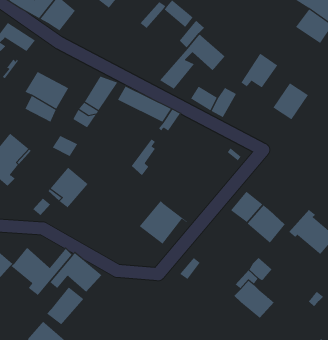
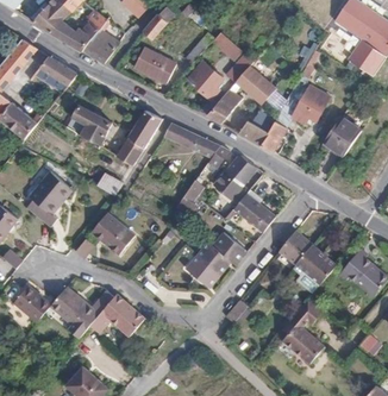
building: none -> [133,46,174,81]
building: none -> [186,62,223,100]
building: none -> [214,153,256,199]
building: none -> [234,194,275,231]
building: none -> [211,231,246,263]
building: [46,286,84,325] -> none

